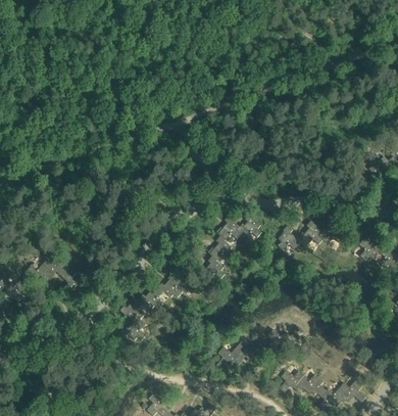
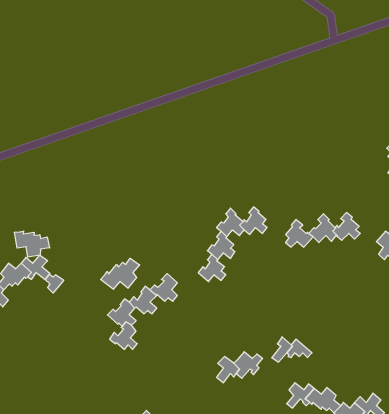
building: none -> [14,231,50,257]
building: none -> [101,258,140,289]

